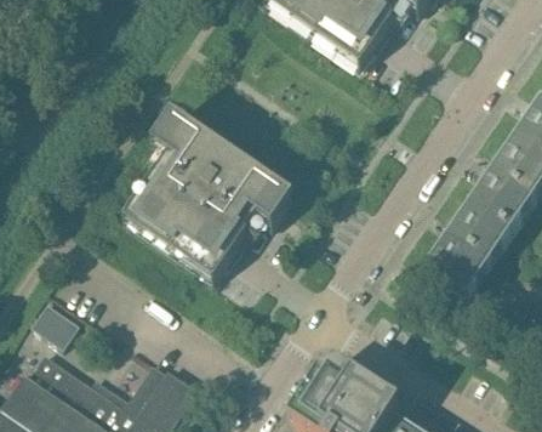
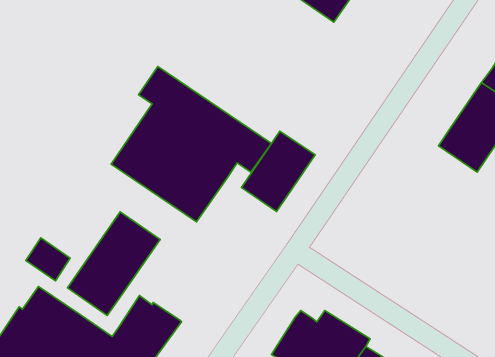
building: none -> [242,131,315,211]
building: [426,195,513,291] -> none
building: none -> [67,212,160,315]

